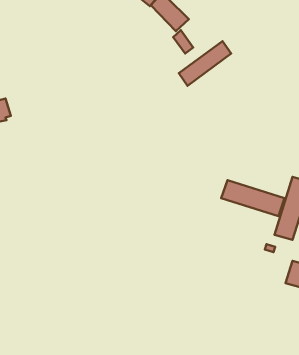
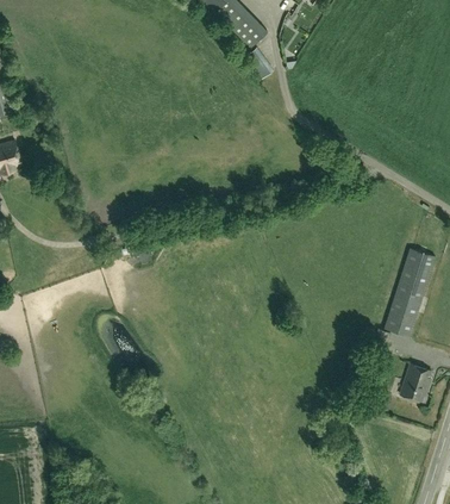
building: [179,41,231,86] -> none
building: [221,180,284,216] -> none

